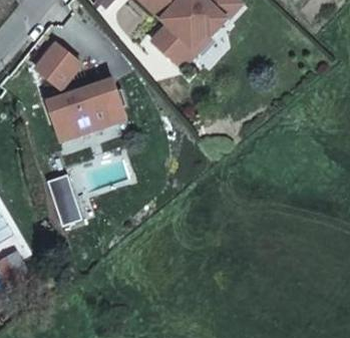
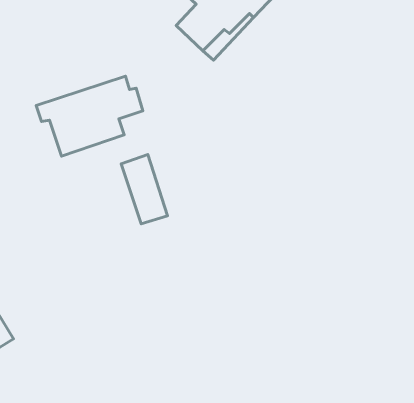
building: [35,42,80,87] -> none
building: [44,173,79,225] -> [121,155,168,224]

